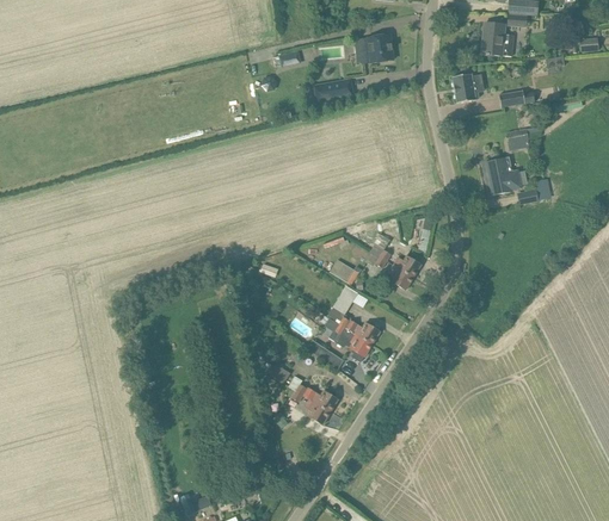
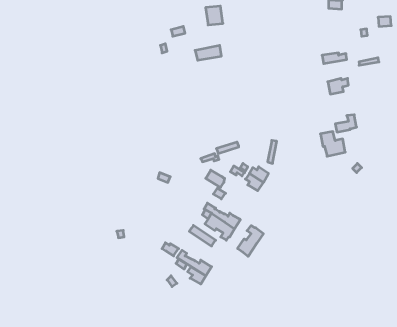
building: [481,21,513,56] -> none
building: [368,33,393,61] -> [206,6,223,25]
building: [451,73,476,101] -> none
building: [486,157,522,193] -> [320,132,345,156]
building: none -> [238,226,263,256]

